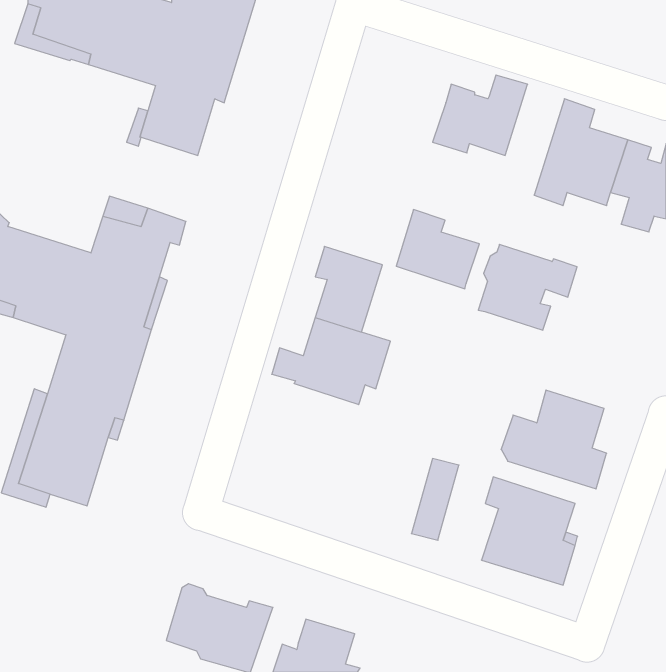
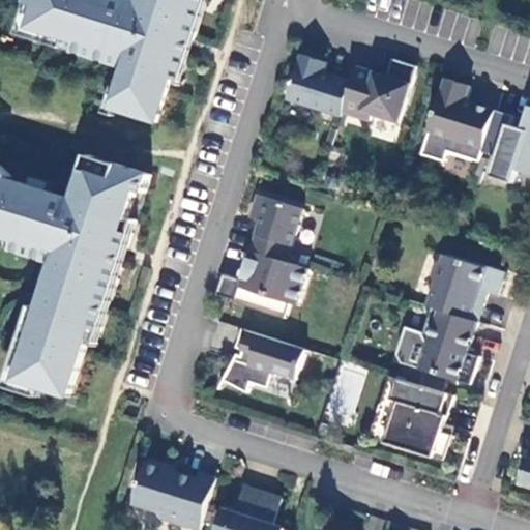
building: [396,210,479,289] -> [285,54,350,116]
building: [478,244,577,330] -> [423,254,501,321]
building: none -> [220,328,303,392]

